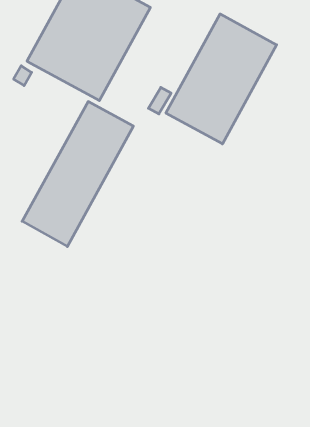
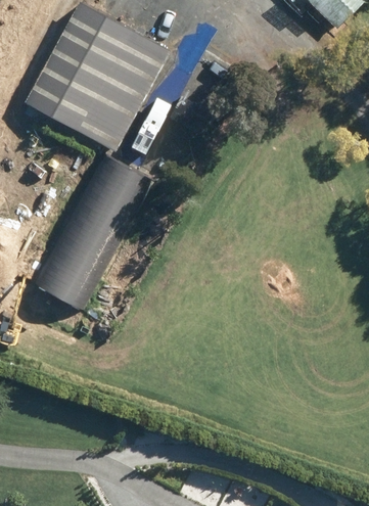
building: [166,14,277,144] -> none

